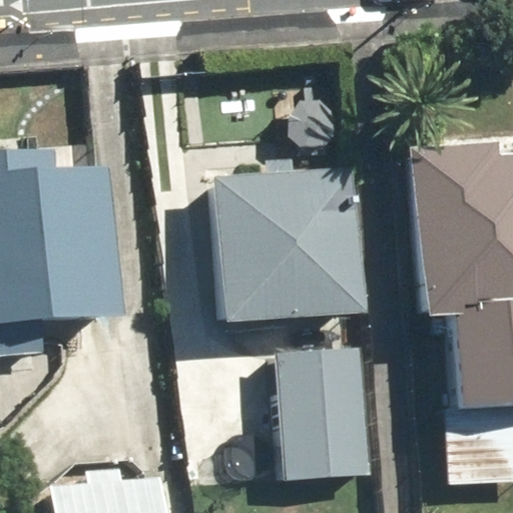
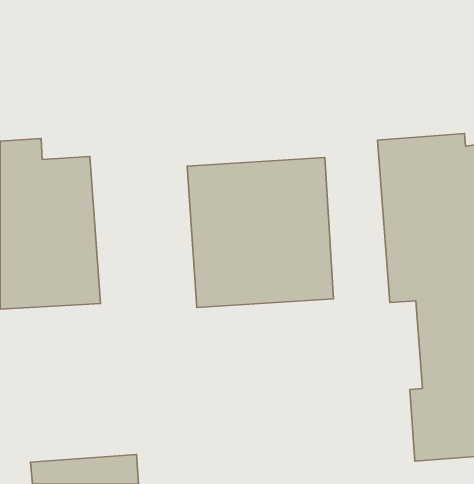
building: [273,345,369,481] -> none

